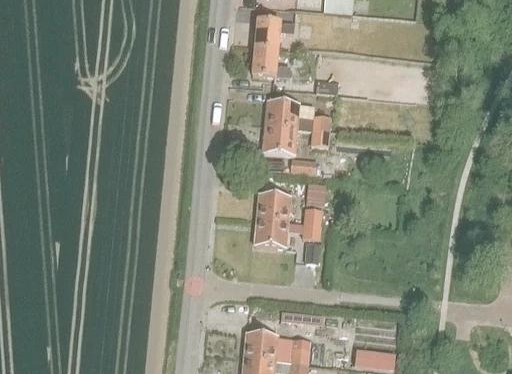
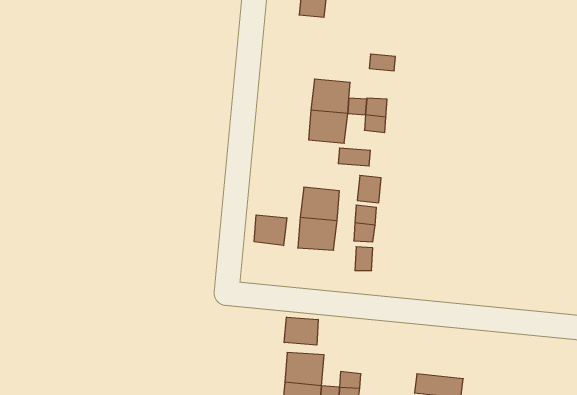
building: [254,47,290,78] -> none
building: none -> [254,215,287,246]
building: none -> [284,317,318,345]

